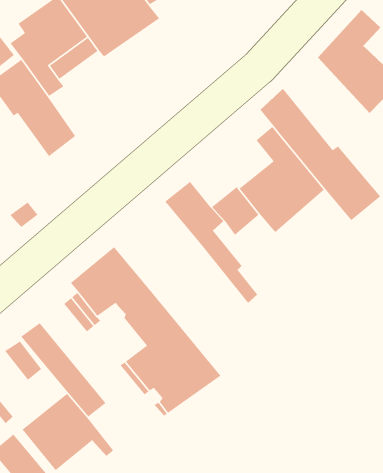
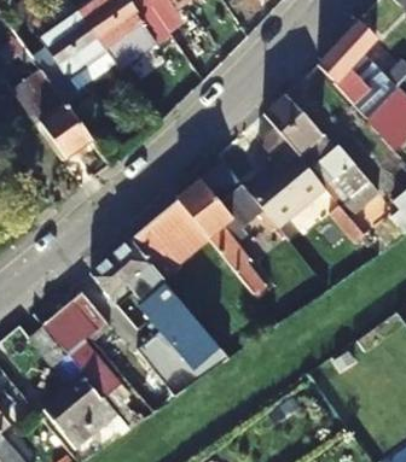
building: none -> [132,201,211,277]

